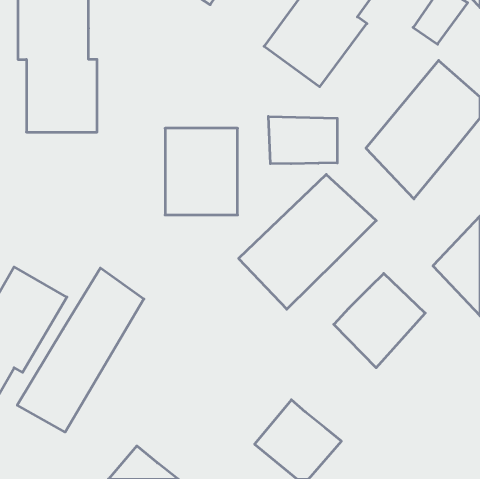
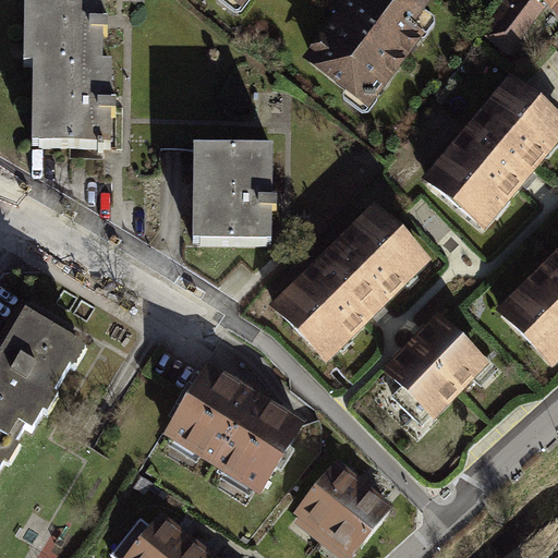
building: [268,116,337,164] -> none
building: [17,268,144,432] -> none
building: none -> [167,364,306,494]

